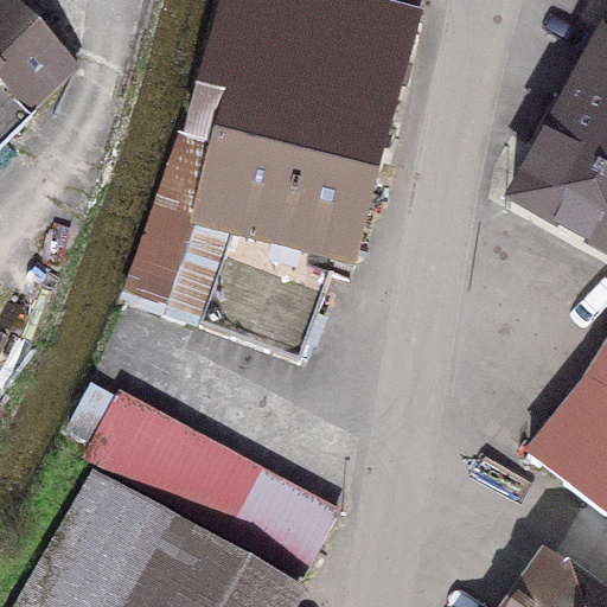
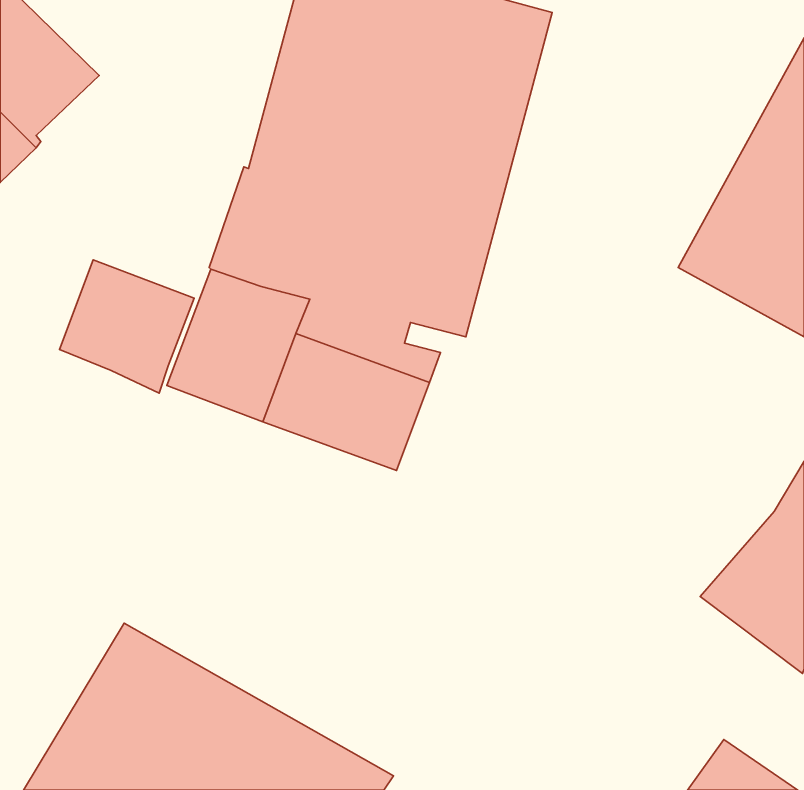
building: none -> [59,260,194,393]
building: [66,377,336,569] -> none

